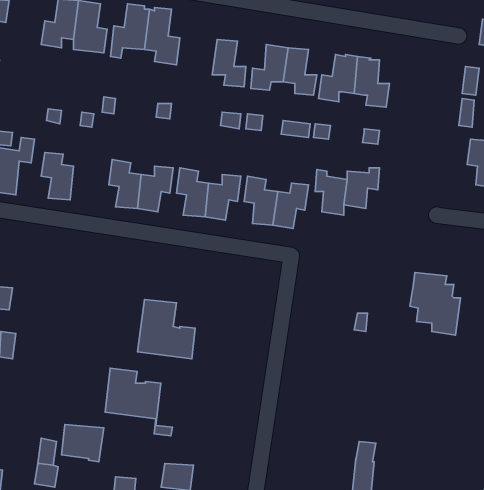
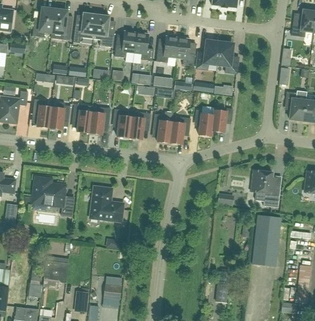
building: none -> [114,30,136,57]
building: none -> [49,102,70,129]
building: none -> [252,215,281,265]
building: [105,368,173,436] -> [32,176,72,216]

